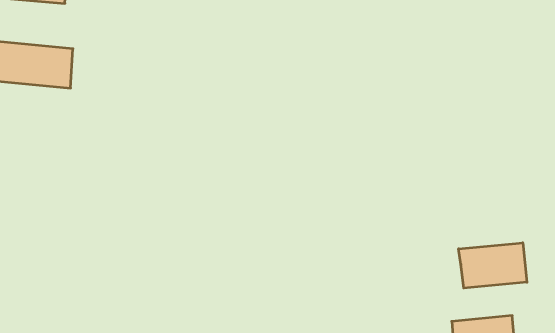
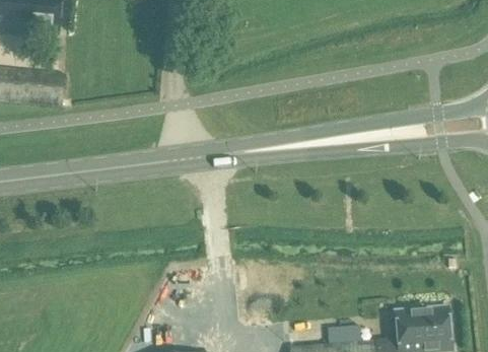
building: [459,243,527,288] -> none

